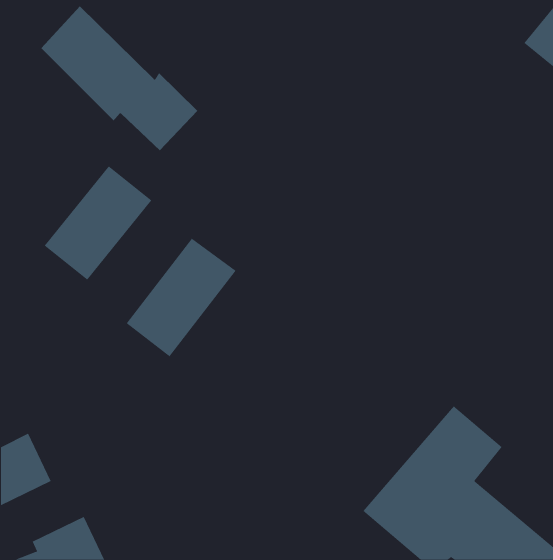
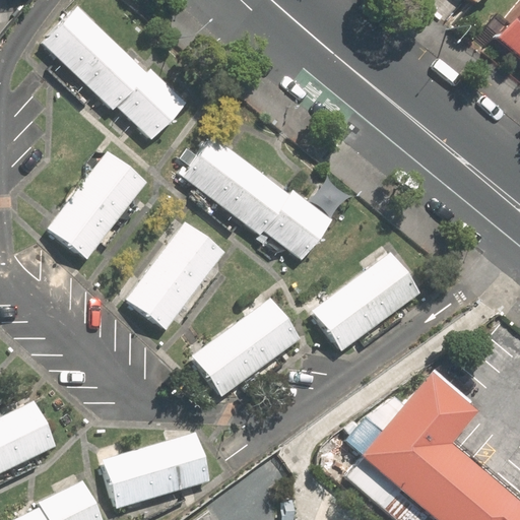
building: none -> [184,137,332,261]
building: none -> [309,248,422,351]
building: none -> [192,302,301,398]
building: none -> [101,433,207,507]

